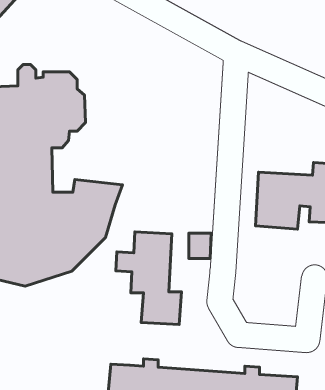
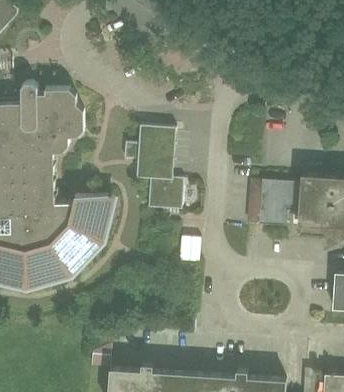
building: [116,232,181,325] -> [122,125,184,213]

